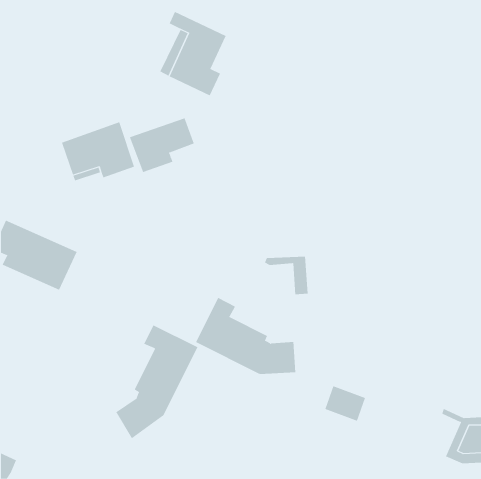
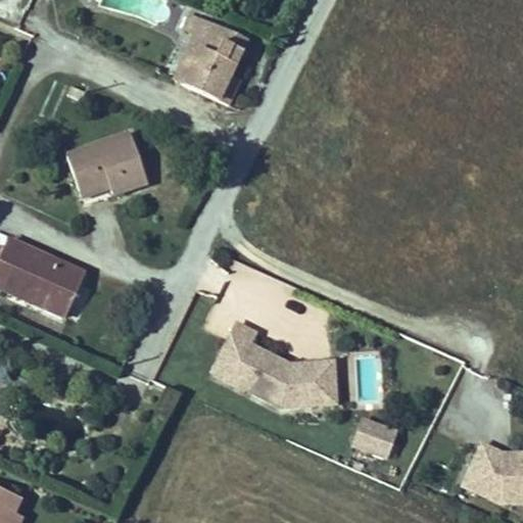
building: [129,117,194,173] -> none
building: [264,256,309,295] -> [289,362,337,403]
building: [115,324,198,439] -> none
building: none -> [463,448,500,494]

